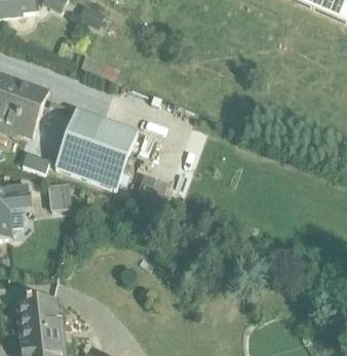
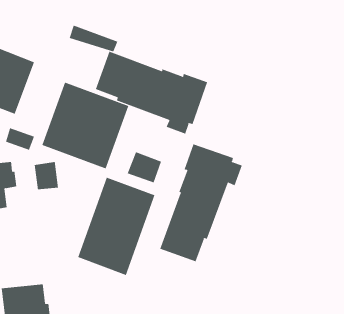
building: none -> [95,51,208,135]
building: none -> [159,144,243,262]
building: none -> [77,177,155,276]

